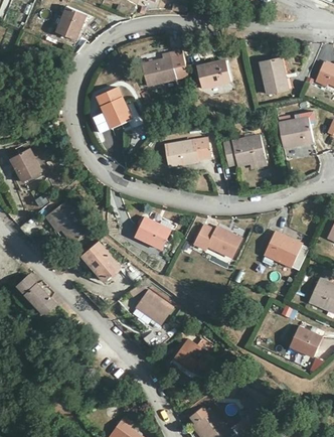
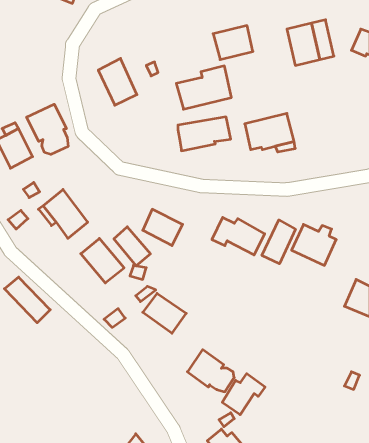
building: [141,49,188,87] -> [176,66,231,109]
building: [279,118,314,148] -> none
building: none -> [27,104,68,154]
building: none -> [262,220,295,264]
building: none -> [114,227,150,266]
building: [290,325,322,356] -> none
building: none -> [222,374,265,415]

